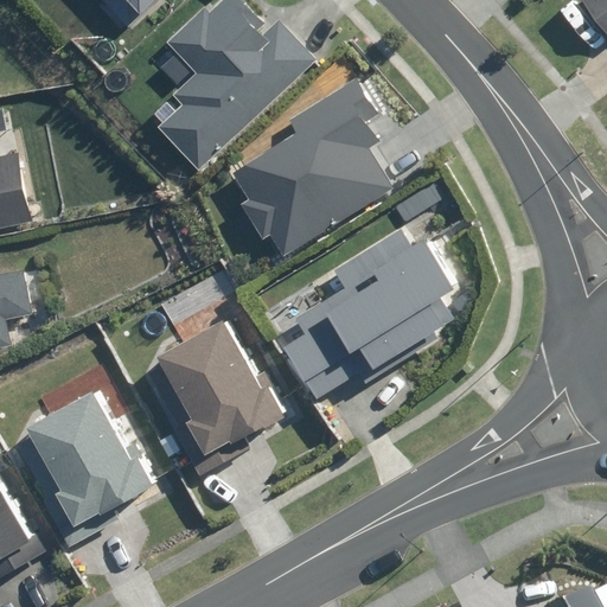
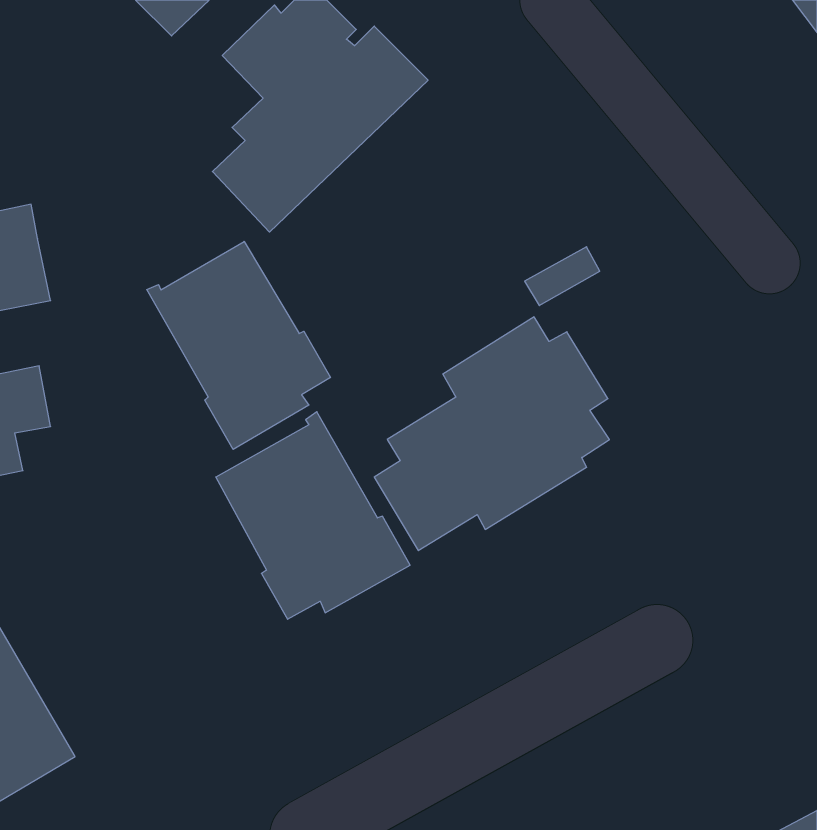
building: [230,79,391,256] -> none
building: none -> [147,241,330,449]
building: [12,379,171,554] -> none

